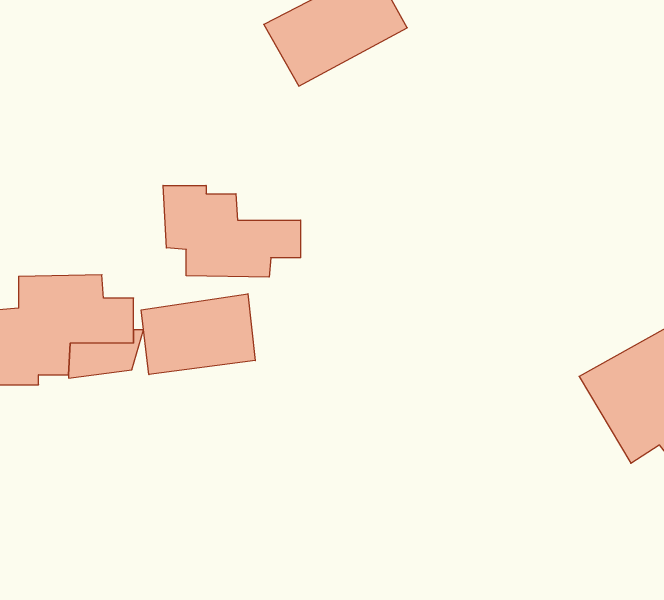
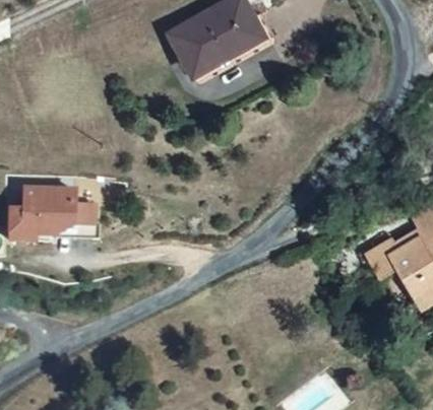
building: [163,185,301,277] -> none
building: [141,294,255,375] -> none

